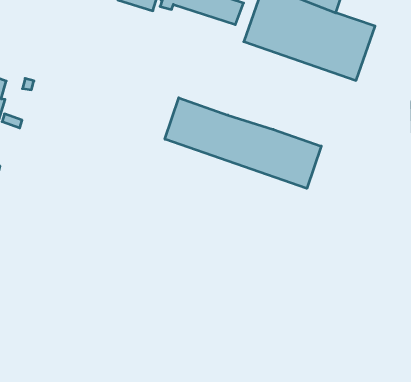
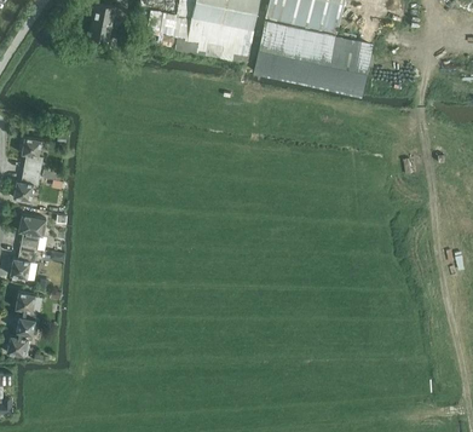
building: [165,98,321,188] -> none

